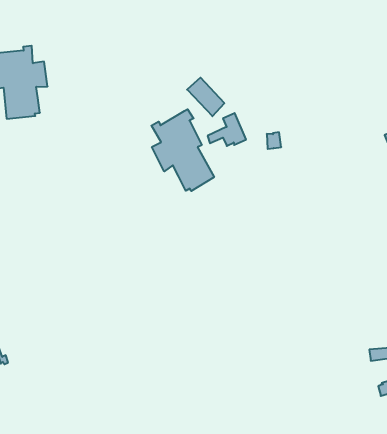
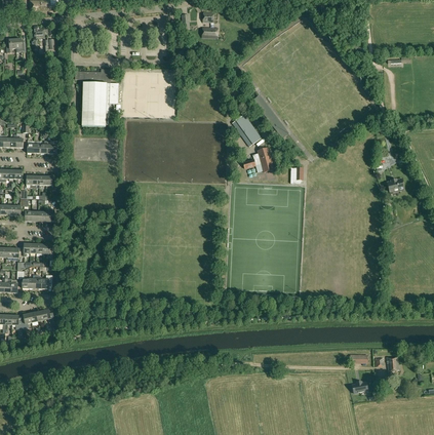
building: [151,109,214,191] -> none

